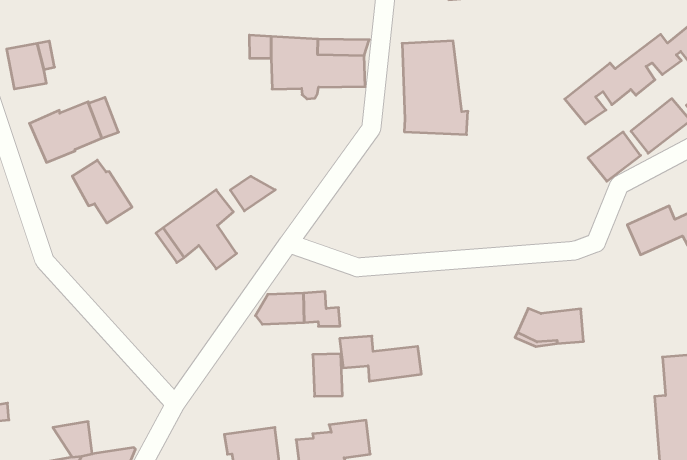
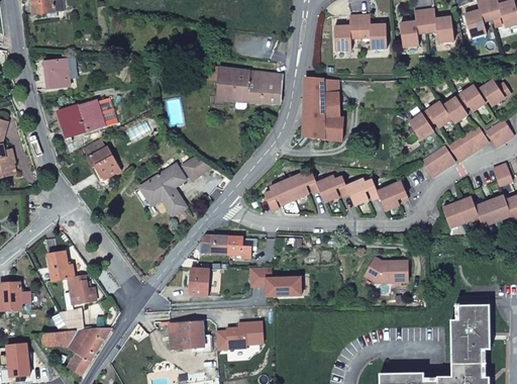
building: none -> [263,172,406,212]
building: none -> [47,252,96,303]
building: [313,354,342,396] -> [189,268,208,296]

